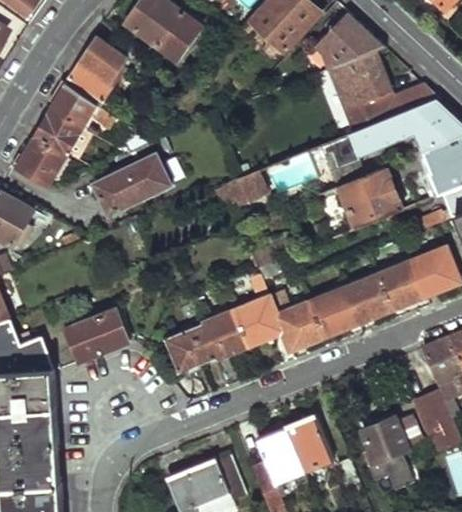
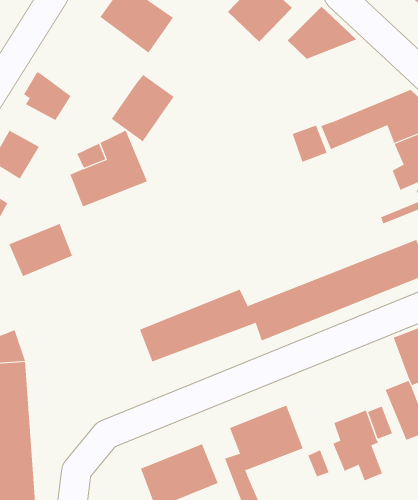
building: [67,37,131,106] -> [111,74,174,143]
building: [330,47,439,129] -> none
building: [34,112,81,155] -> none
building: [334,169,398,230] -> none
building: [222,170,266,207] -> none
building: [60,310,125,364] -> [9,223,73,277]

